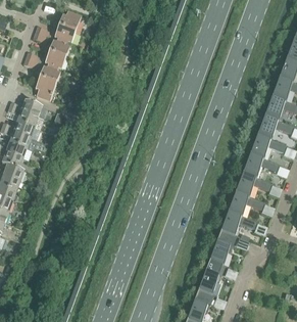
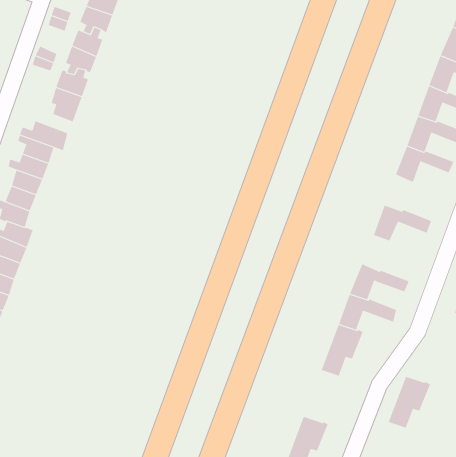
building: [250,134,288,157] -> none
building: [236,173,274,196] -> none
building: [198,260,226,293] -> [388,376,431,429]

